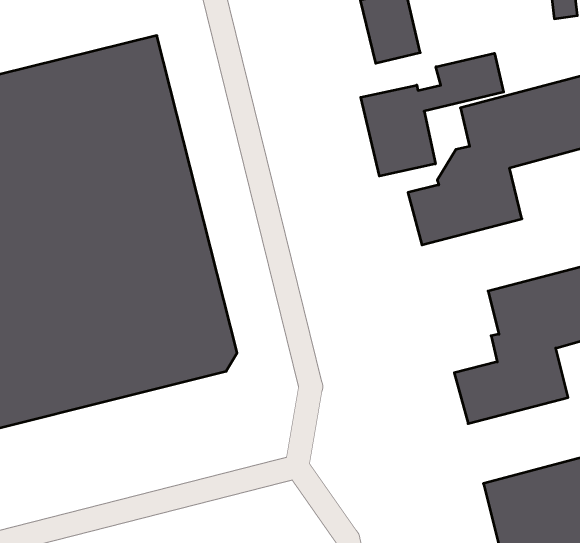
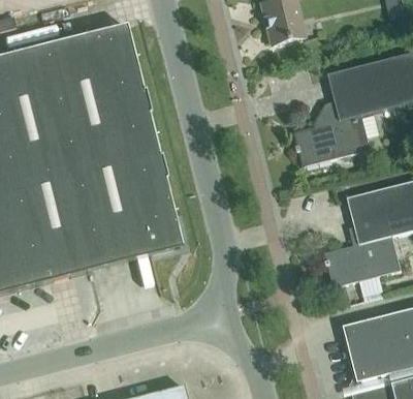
building: [361,53,504,176] -> none

